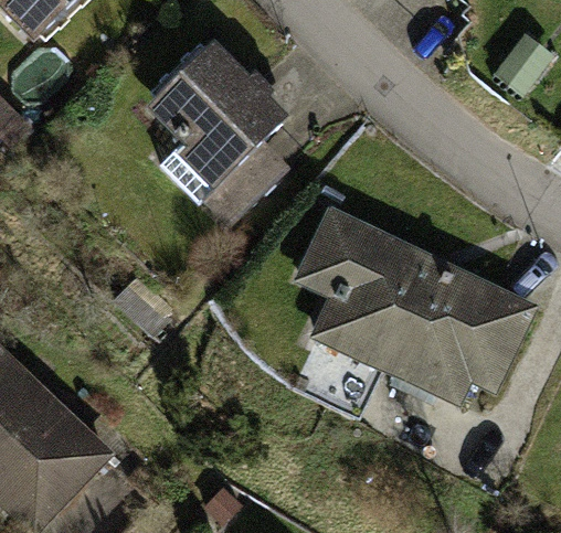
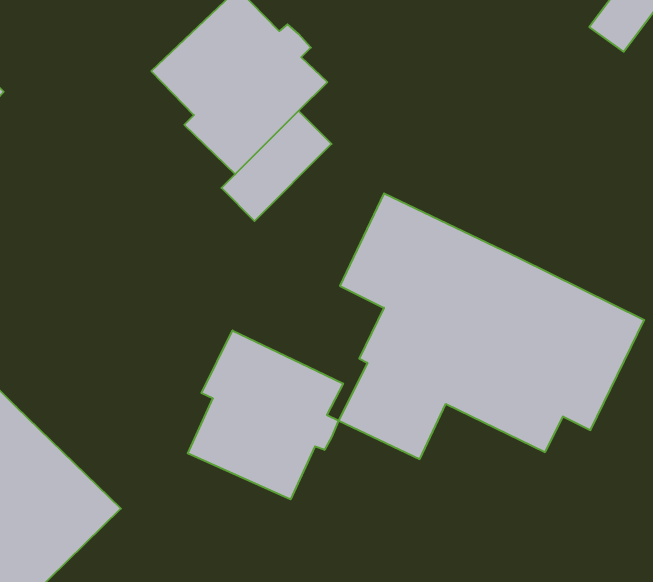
building: none -> [188,330,343,499]

